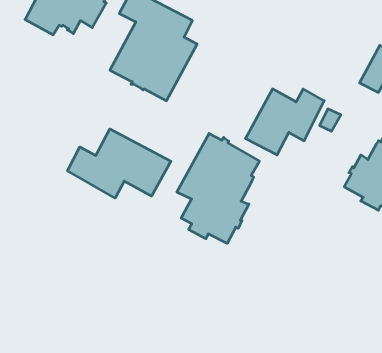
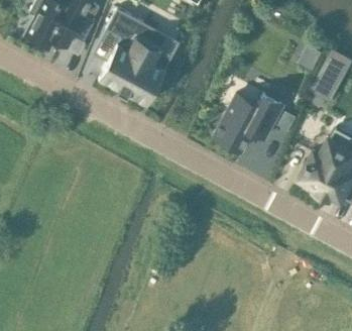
building: [68,129,171,198] -> none
building: [177,133,259,243] -> none

